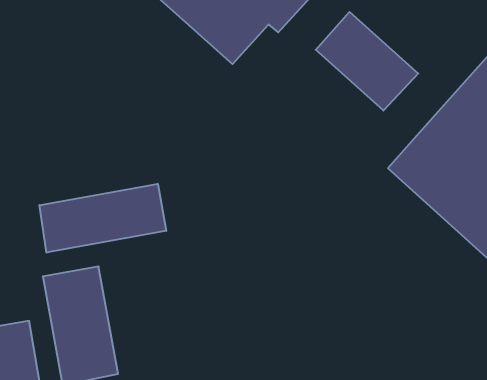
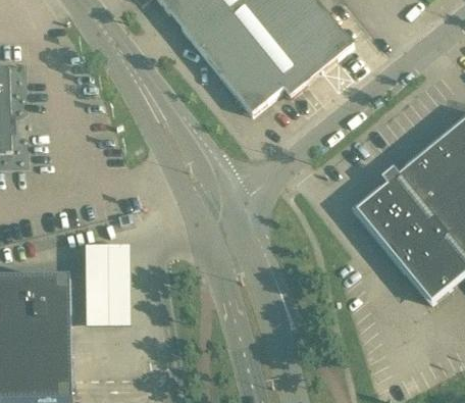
building: [316,12,418,111] -> none
building: [39,184,166,253] -> none

